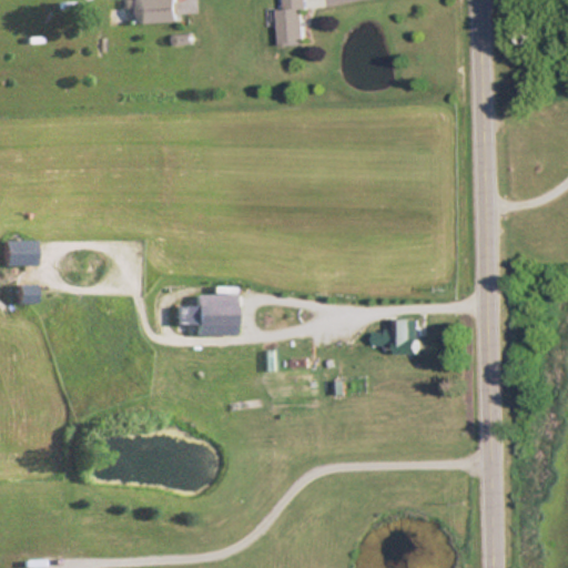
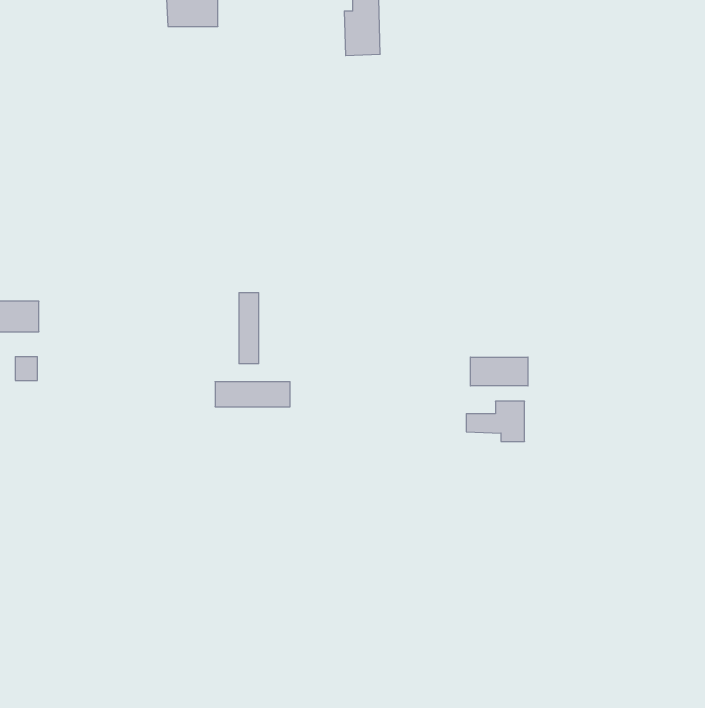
building: none -> [239,293,259,364]
building: none -> [470,357,528,386]

